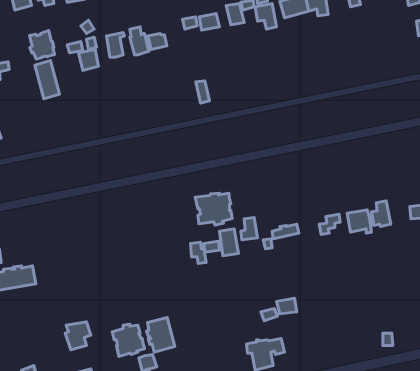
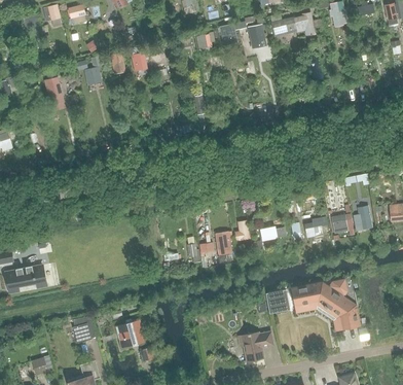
building: [30,31,55,59] -> none
building: [195,193,232,225] -> none
building: none -> [290,279,358,329]
building: [147,318,175,352] -> none

